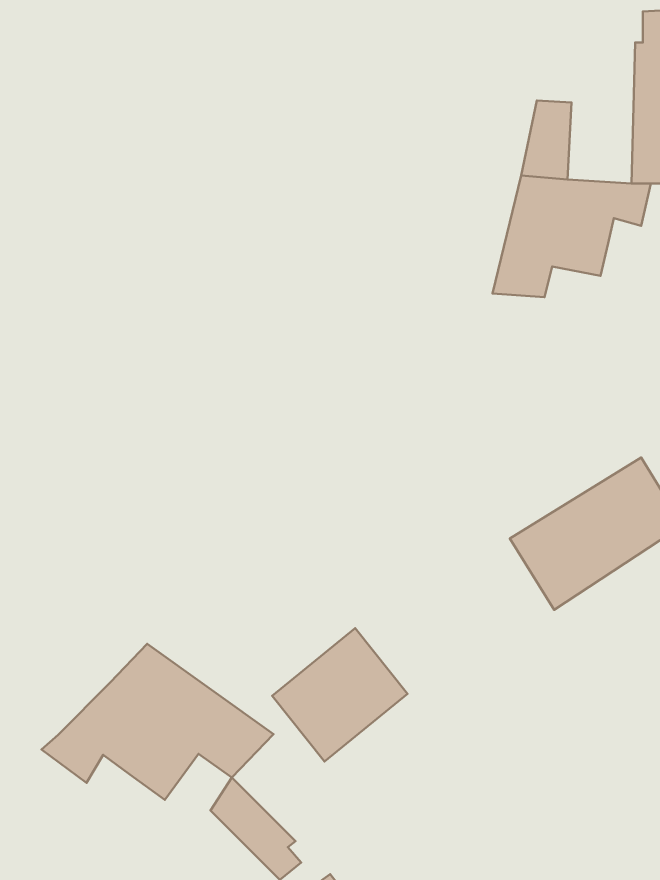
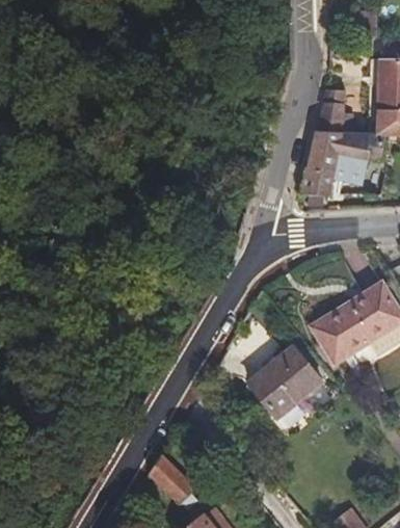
building: [272,628,407,761] -> [248,346,321,418]
building: [41,644,274,800] -> none

